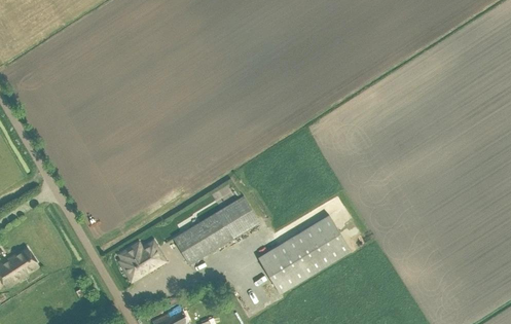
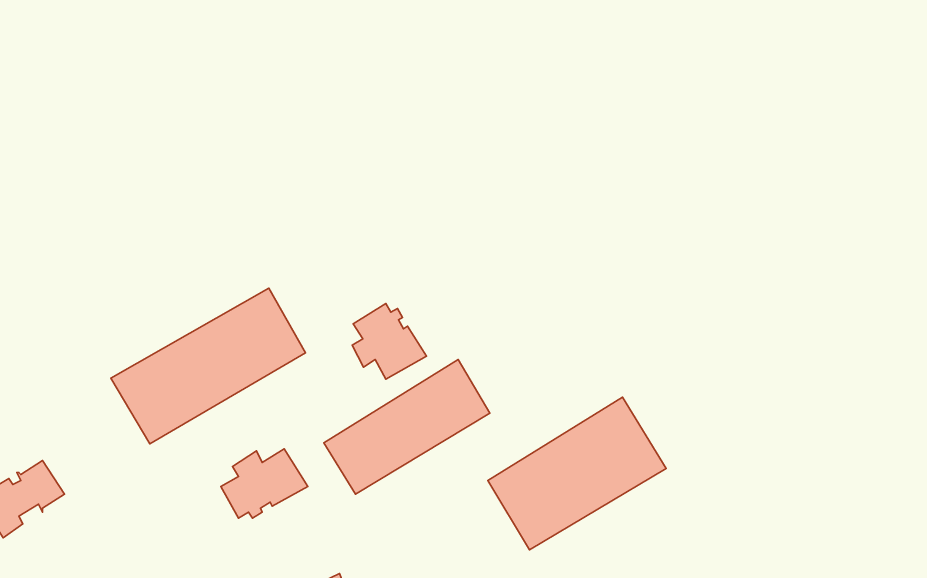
building: none -> [111,288,306,444]
building: none -> [352,304,427,379]

